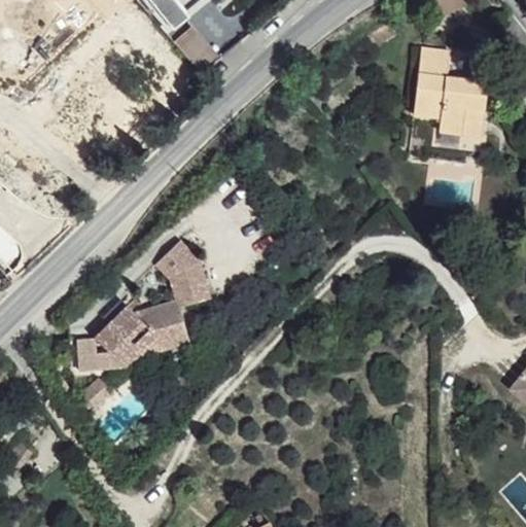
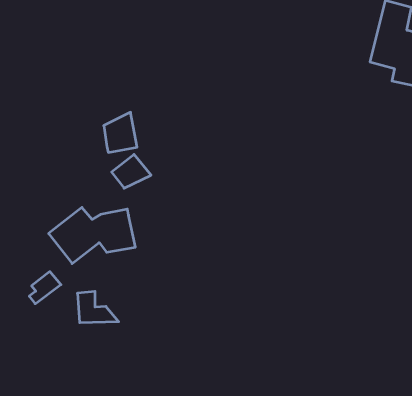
building: [170,261,208,307] -> [104,112,137,152]
building: [77,337,125,372] -> [77,291,119,323]

